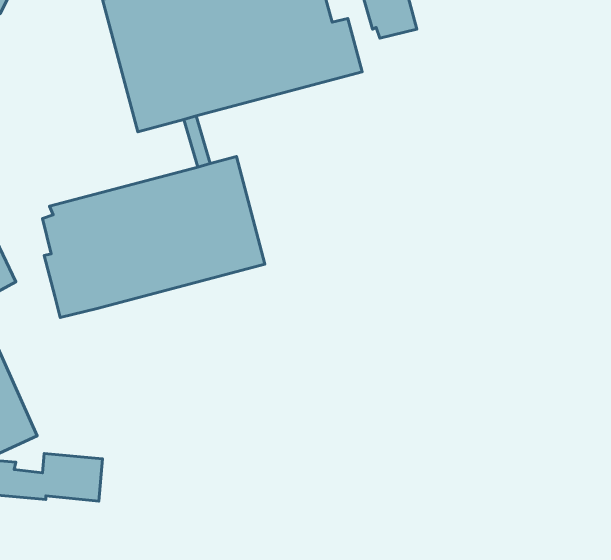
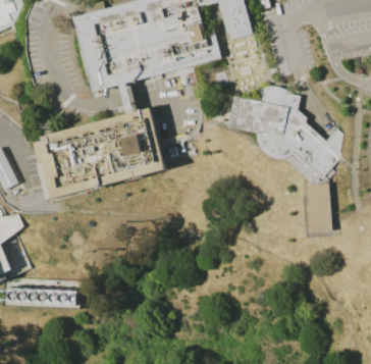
building: none -> [226,86,341,232]

